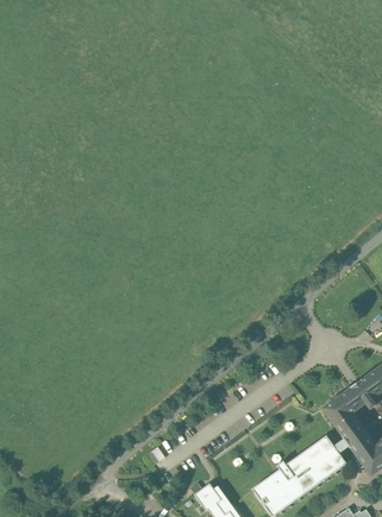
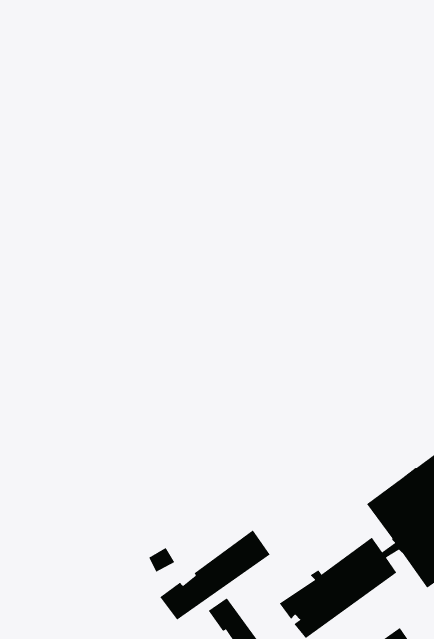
building: none -> [159,529,270,621]

